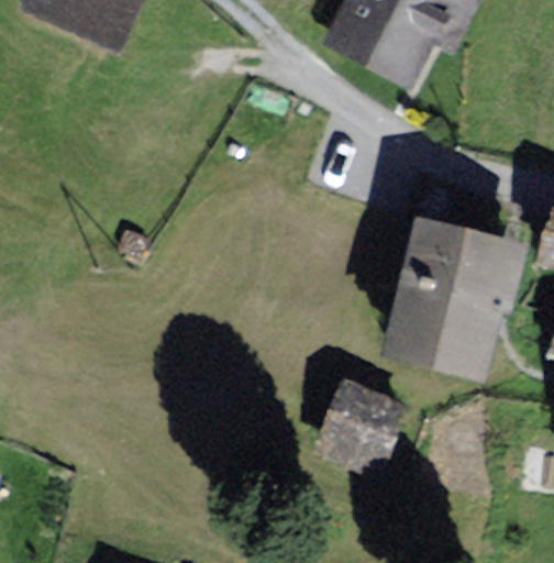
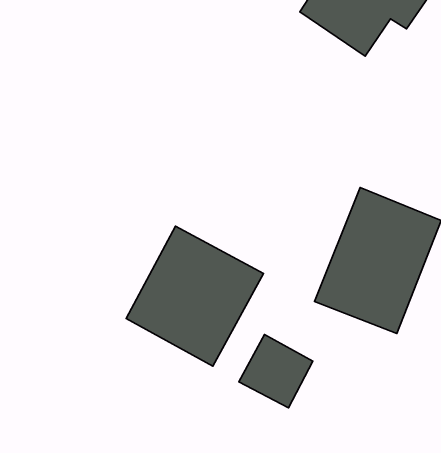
building: none -> [126,226,263,366]

